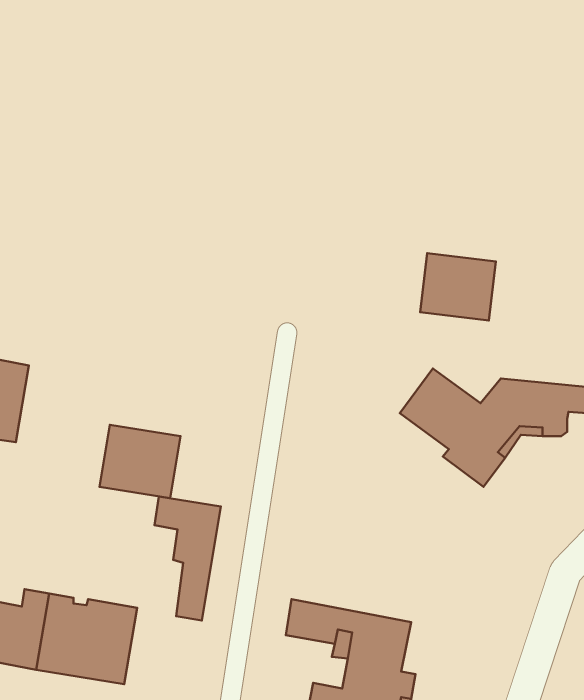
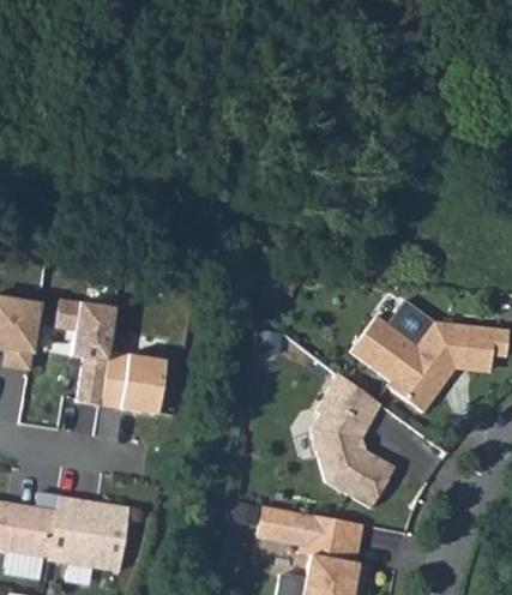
building: [420,253,496,321] -> none
building: none -> [311,369,393,507]
building: [154,496,221,620] -> [61,306,116,409]

